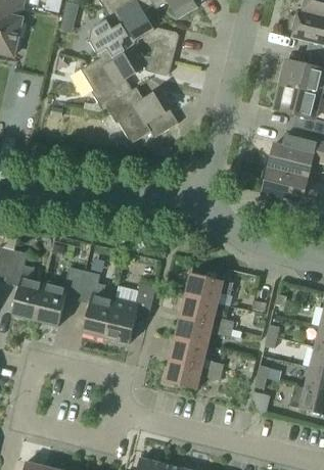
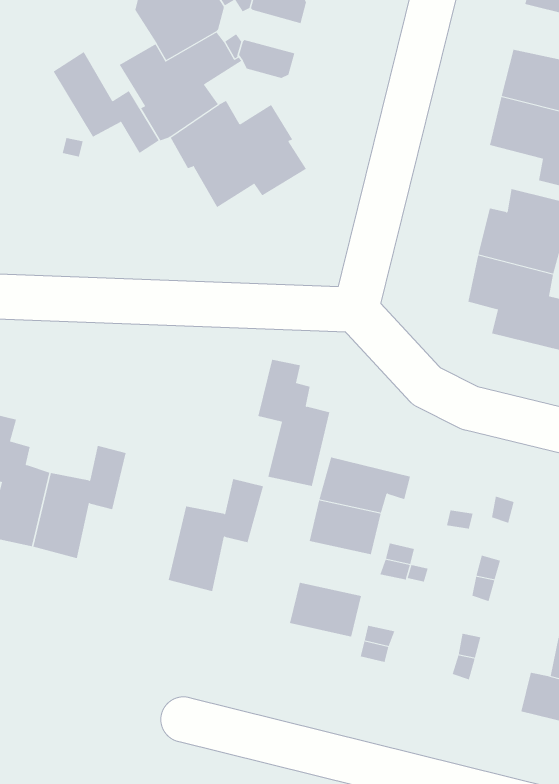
building: none -> [53,51,160,154]
building: [77,271,114,337] -> [258,359,330,487]
building: [174,317,212,345] -> none
building: [164,360,201,389] -> none

